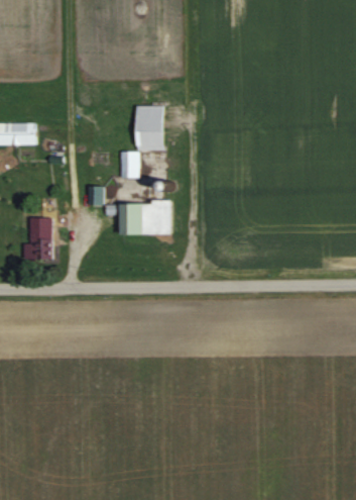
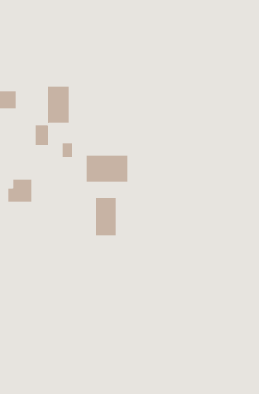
building: [121,105,163,178] -> [35,86,70,146]
building: none -> [95,197,116,236]

